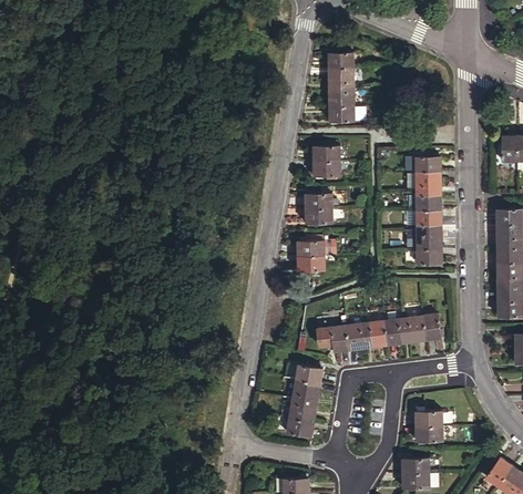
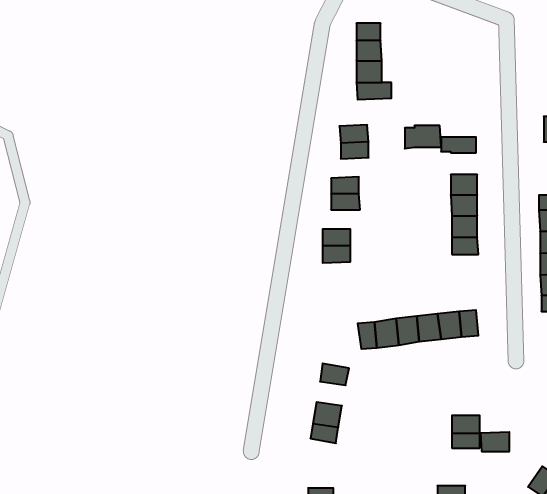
building: [407,172,440,193] -> [405,126,441,149]
building: [293,381,319,403] -> none
building: [402,459,429,476] -> [480,432,509,451]

